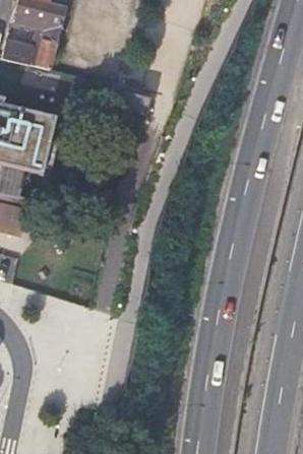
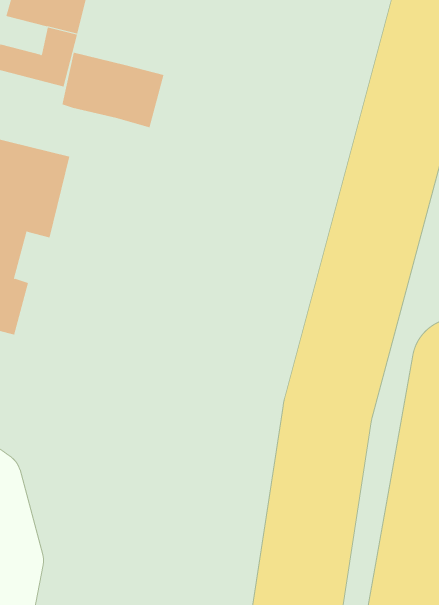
building: none -> [62,52,164,128]

